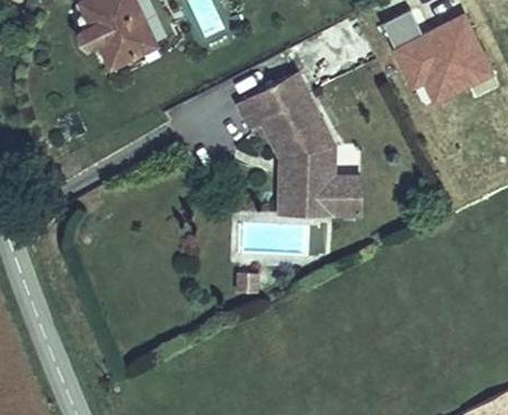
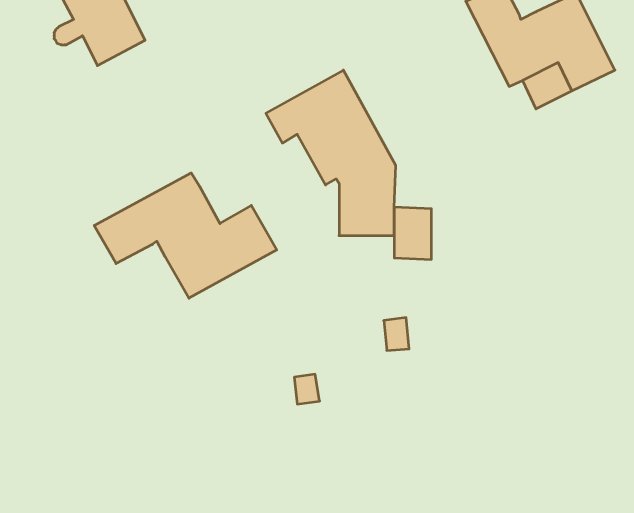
building: none -> [94,173,277,298]
building: [276,143,328,202] -> none

